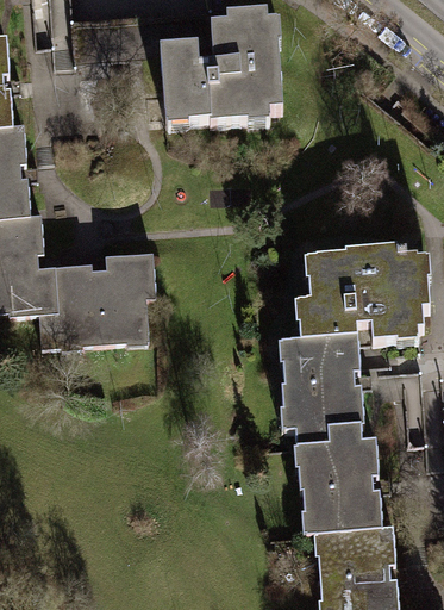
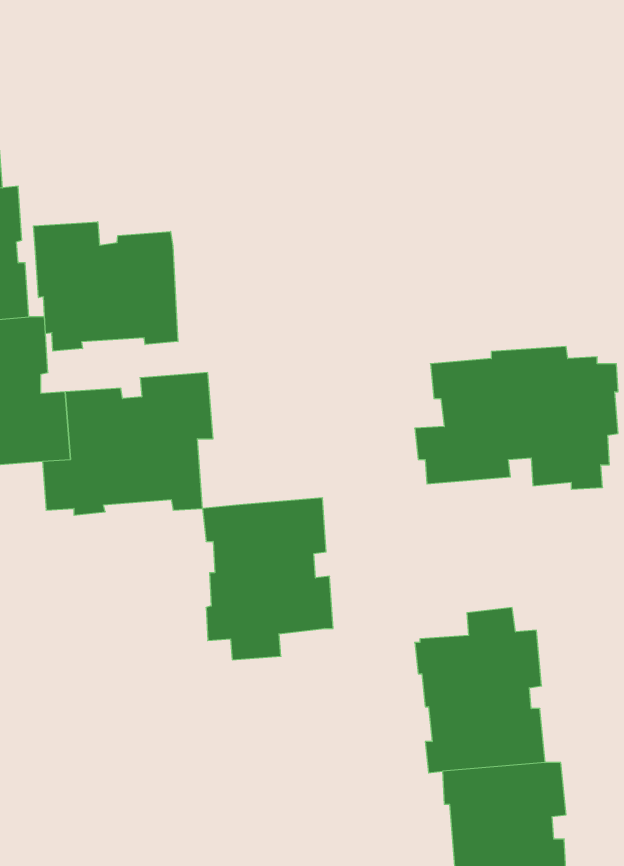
building: [160,10,284,123] -> none
building: none -> [33,222,178,351]
building: [276,328,365,438] -> [203,498,333,660]

